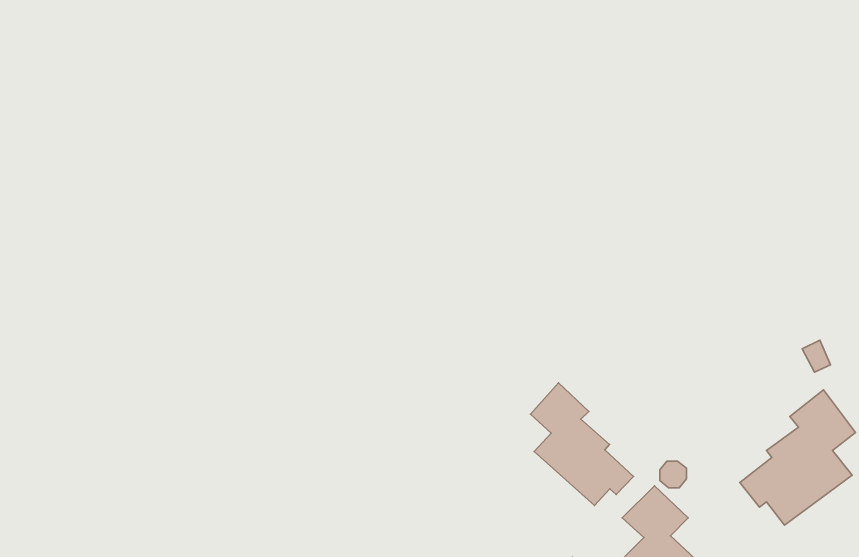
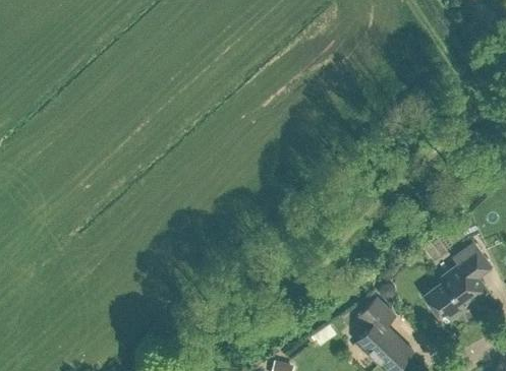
building: [531,383,633,506] -> none

